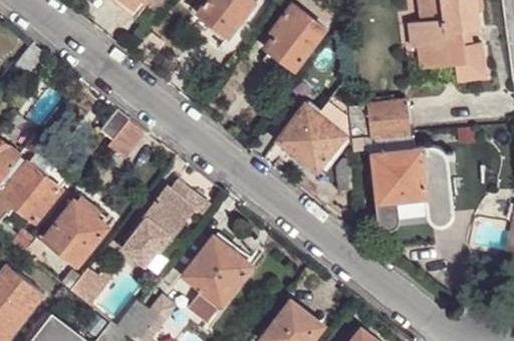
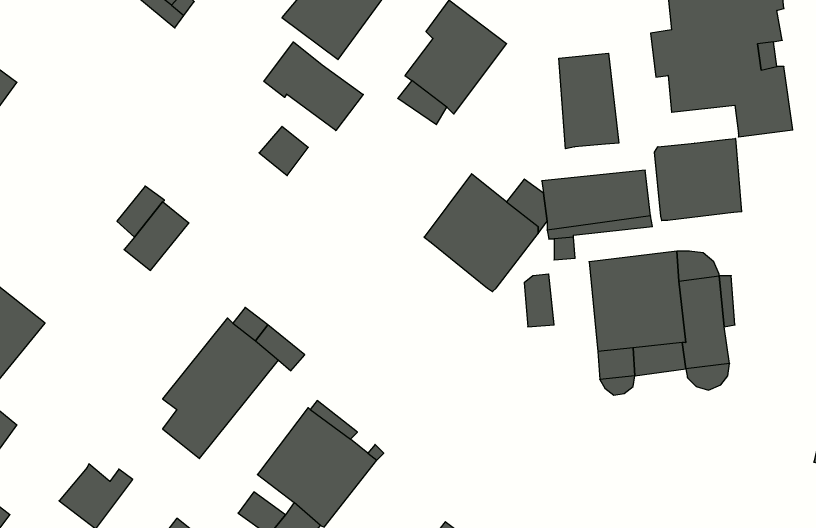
building: none -> [264,42,363,131]
building: none -> [559,53,619,149]
building: none -> [655,138,742,221]
building: [43,200,107,265] -> none

